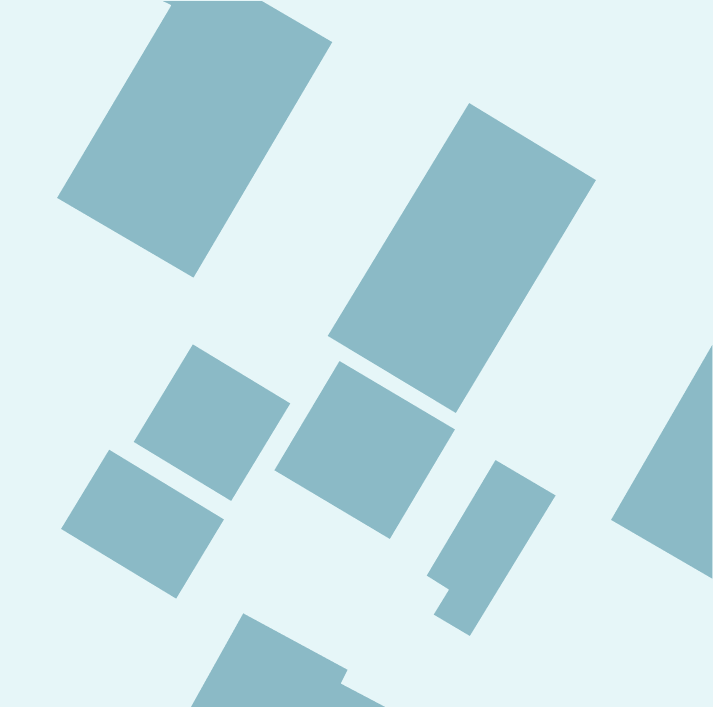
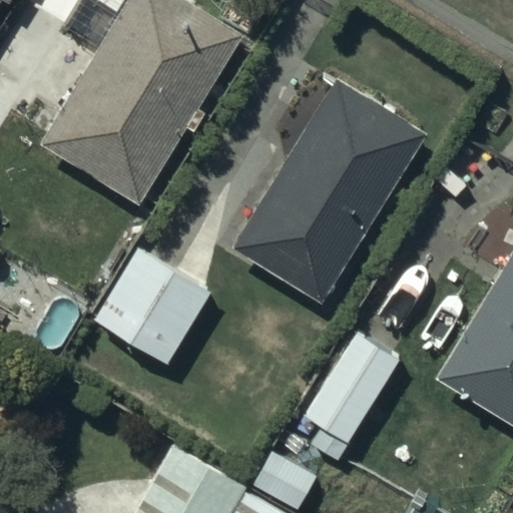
building: [273,360,456,540] -> none
building: [60,449,225,600] -> none

